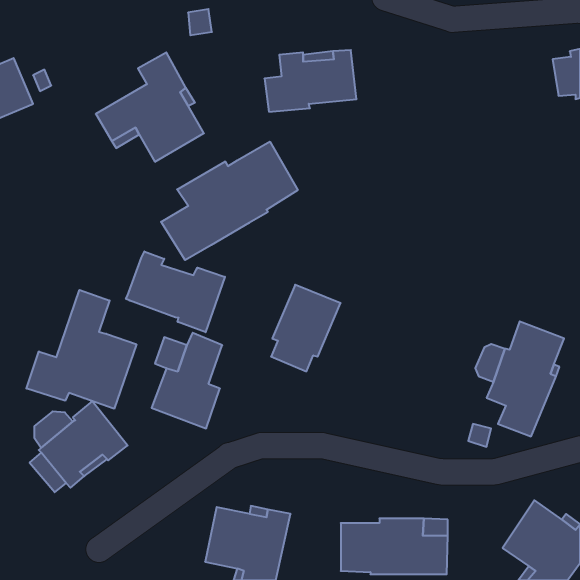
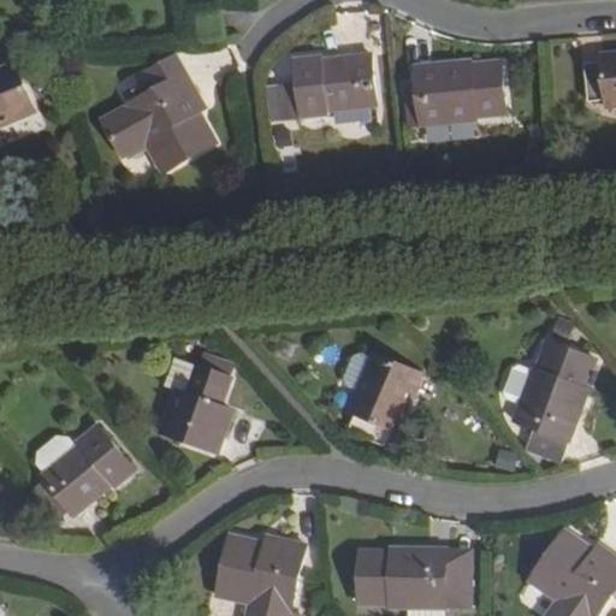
building: none -> [404,60,507,125]
building: [161,142,298,260] -> none
building: [126,251,225,332] -> none
building: [271,285,341,371] -> [348,354,421,445]
building: [26,290,136,409] -> none

